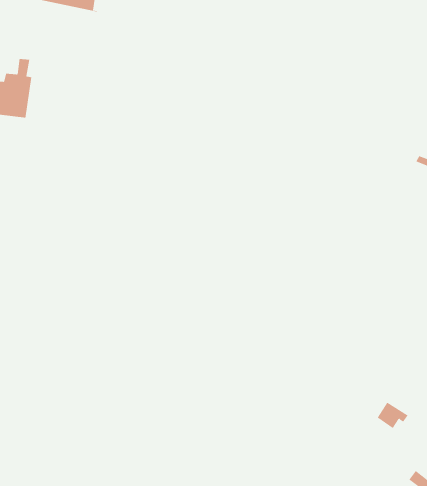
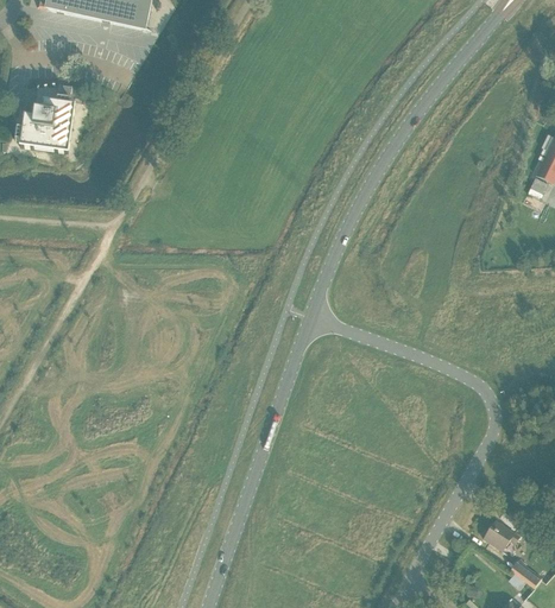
building: [377,402,409,429] -> [484,519,521,550]

